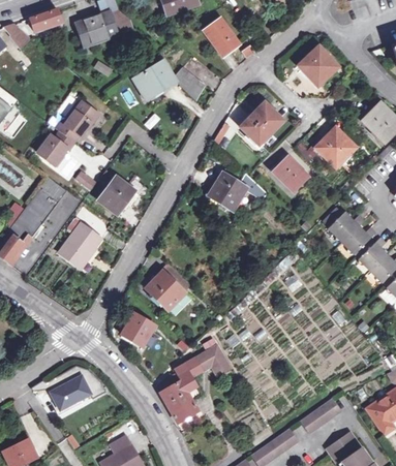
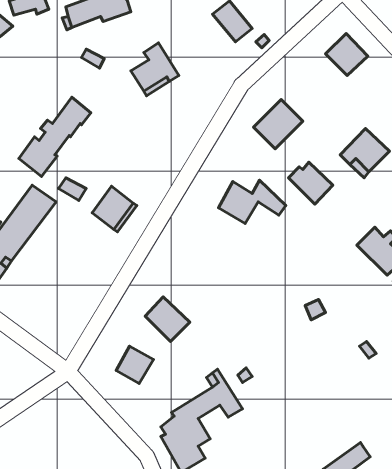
building: [175,66,206,100] -> none
building: [60,222,102,268] -> none
building: [52,375,91,409] -> none

